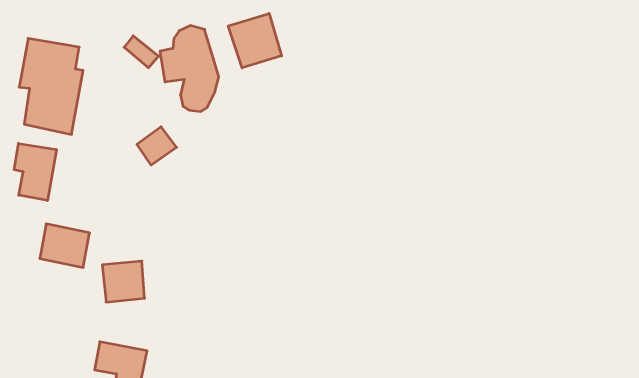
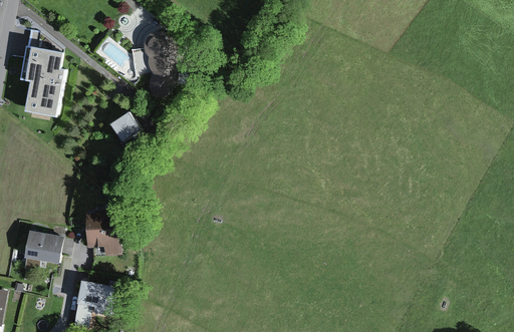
building: [228,13,282,68] -> none
building: [14,143,57,201] -> none
building: [40,224,90,267] -> [24,230,63,264]

